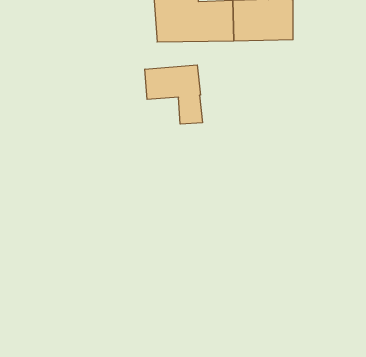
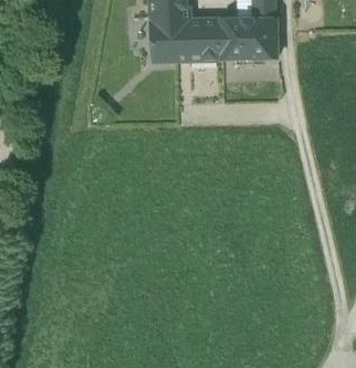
building: [145,65,202,124] -> none

